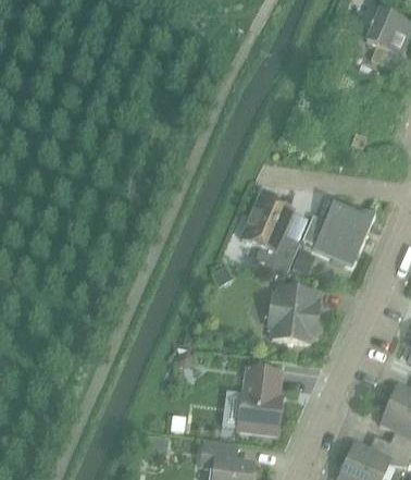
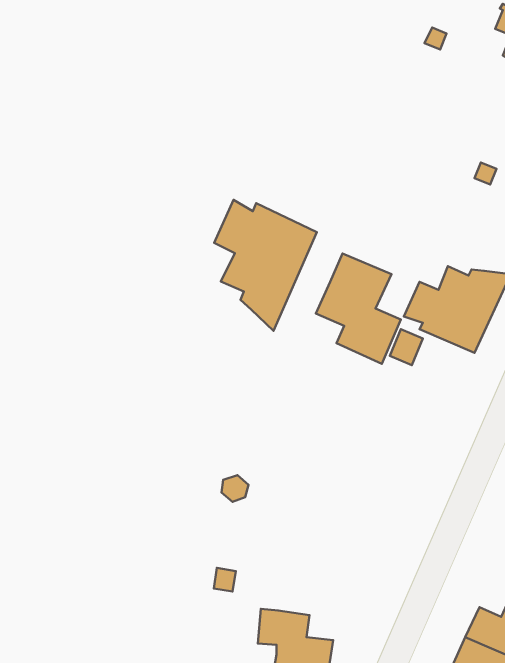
building: none -> [214,200,317,331]
building: [266,284,320,342] -> none
building: [237,365,283,433] -> none

